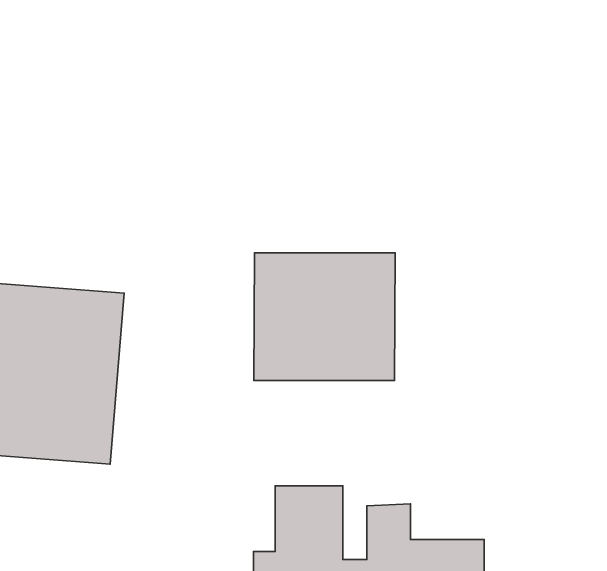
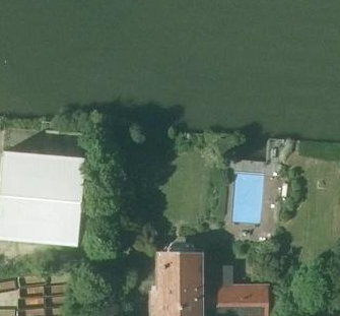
building: [254,253,395,381] -> none

